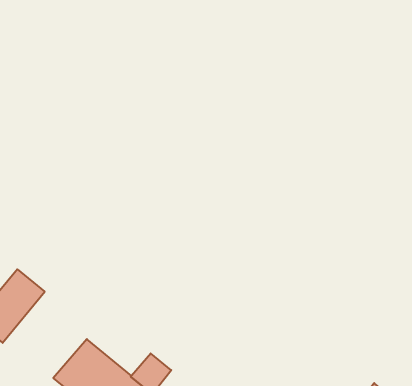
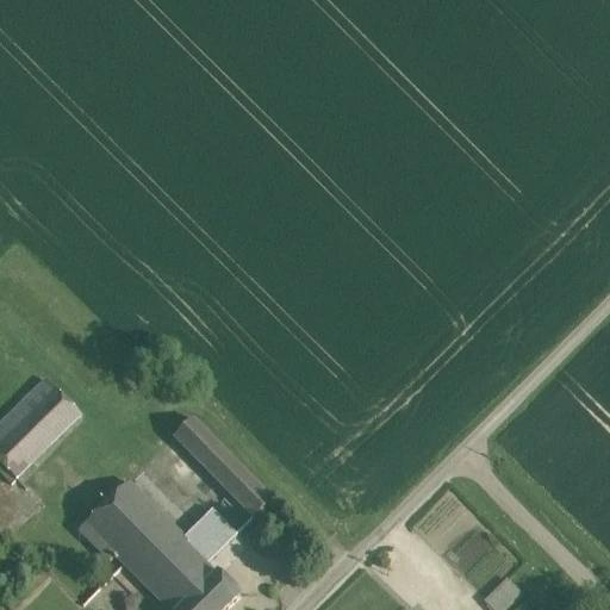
building: none -> [174,417,273,516]

